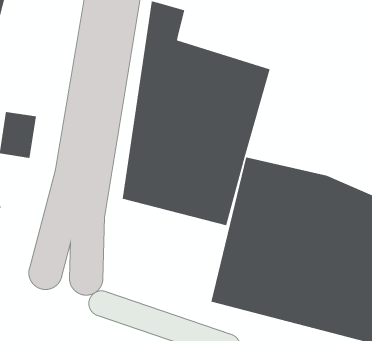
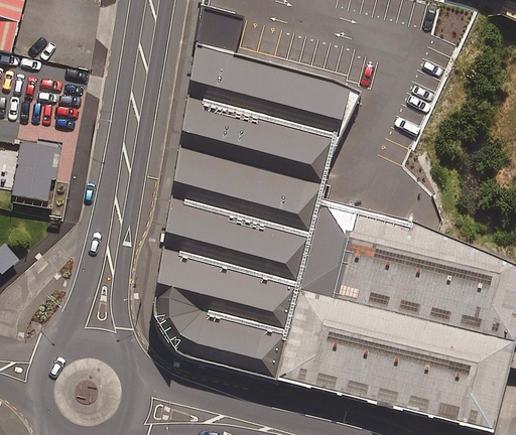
building: none -> [156,251,295,379]

